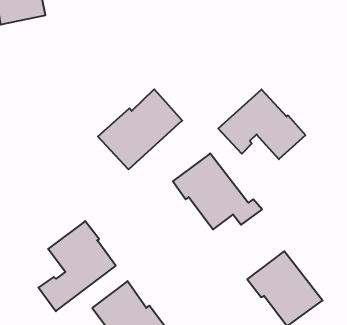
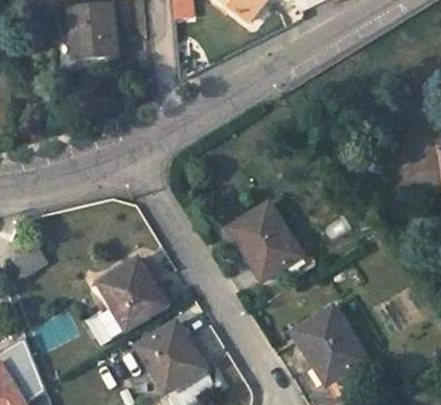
building: [98,89,182,169] -> none
building: [218,89,305,159] -> none

